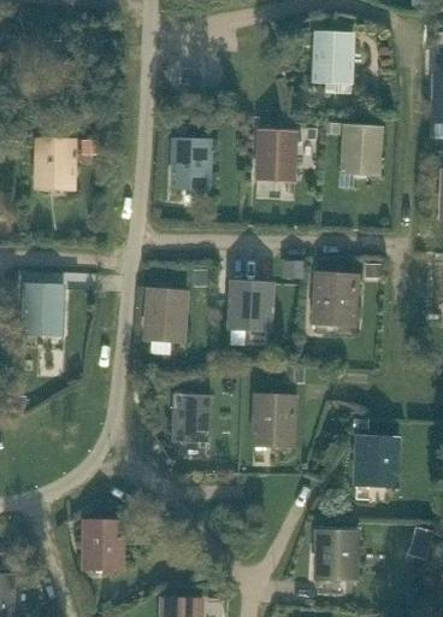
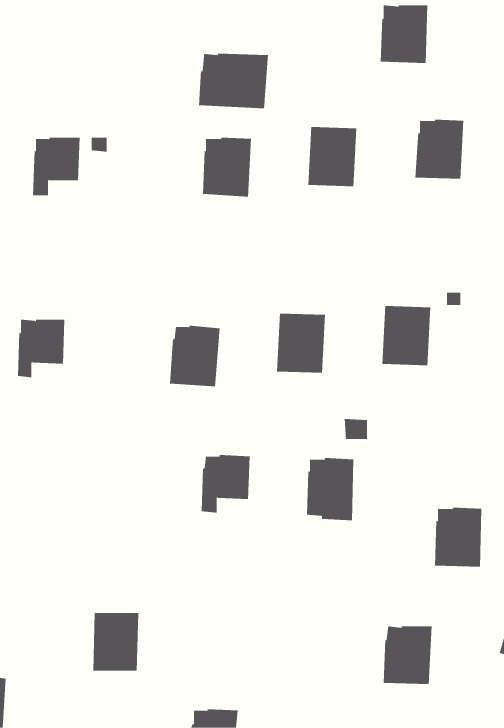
building: none -> [199,53,268,109]

